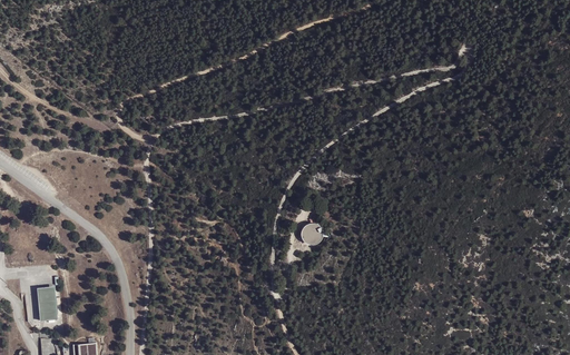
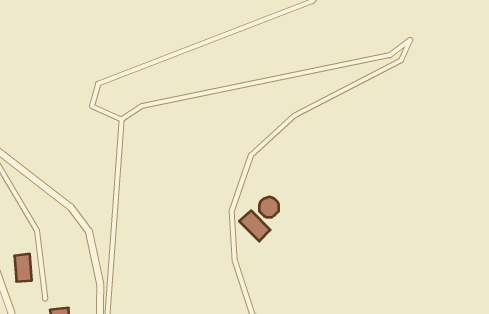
building: none -> [239,211,270,241]

